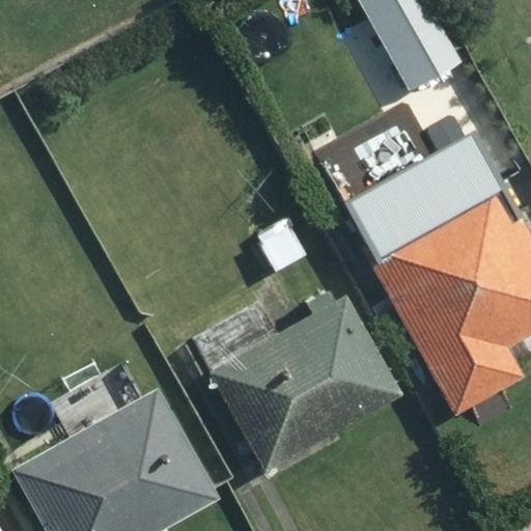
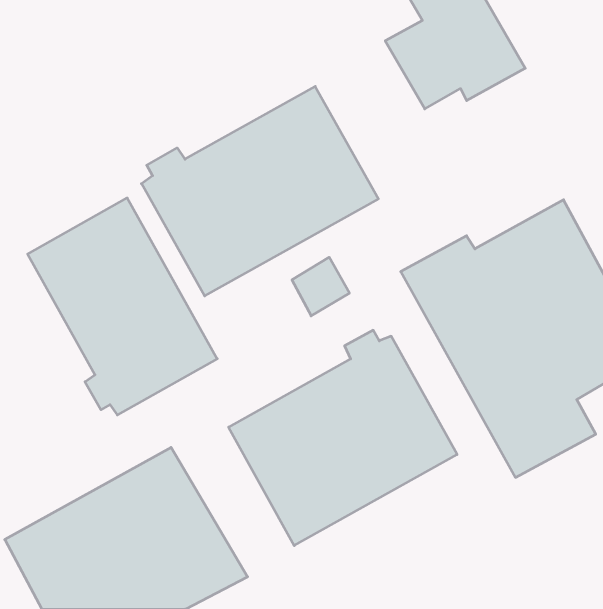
building: none -> [141,86,378,296]
building: none -> [28,198,217,415]

